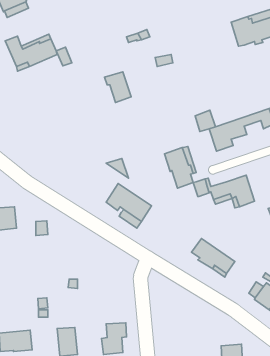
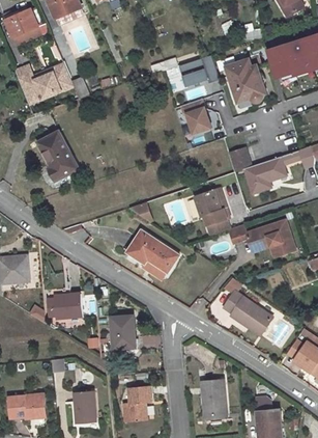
building: none -> [179,55,220,86]
building: none -> [227,59,265,103]
building: [104,72,131,102] -> [181,100,211,134]
building: none -> [38,132,78,181]
building: none -> [54,294,83,319]
building: none -> [112,316,135,349]
building: none -> [202,379,227,415]

